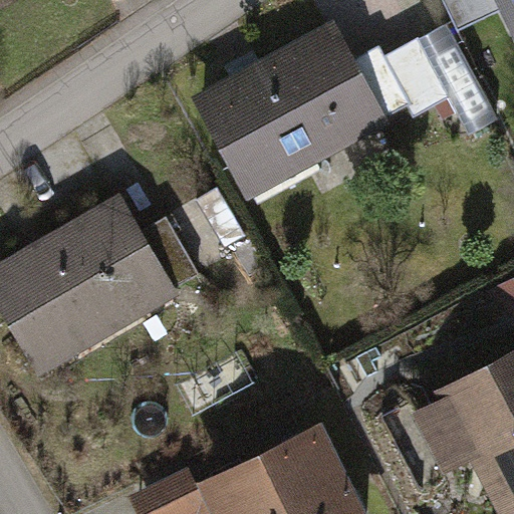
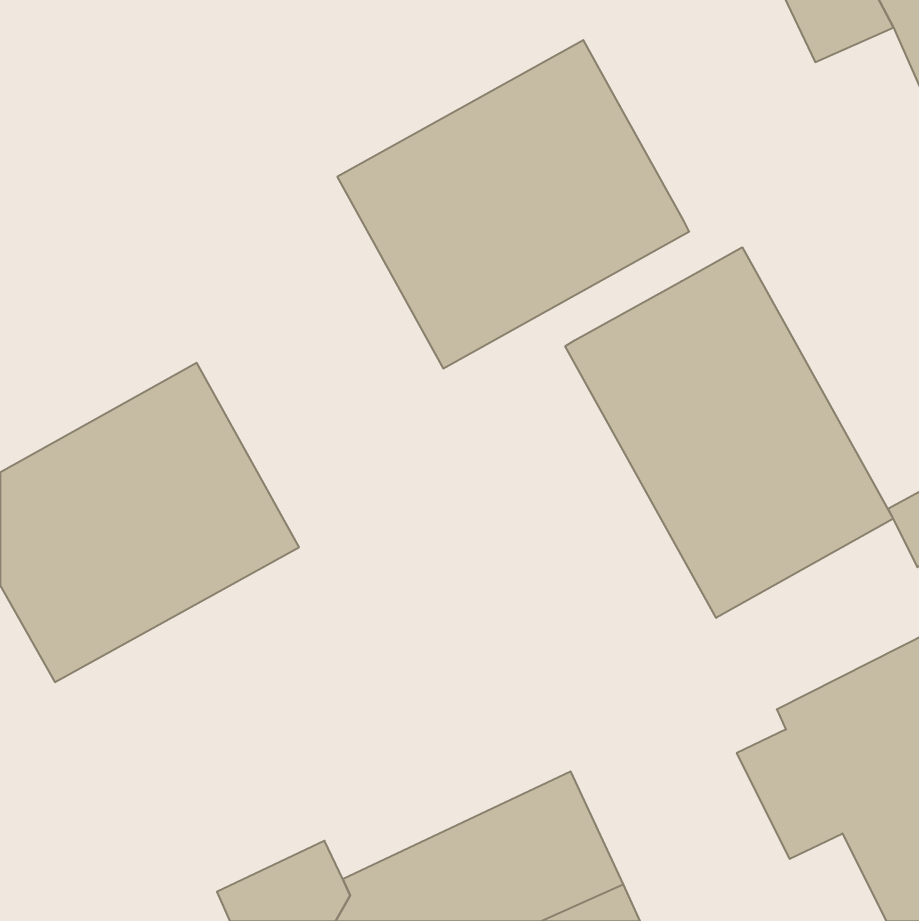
building: [348,36,498,145] -> none
building: none -> [565,247,893,618]

